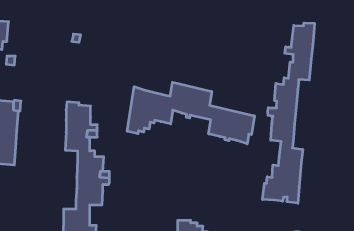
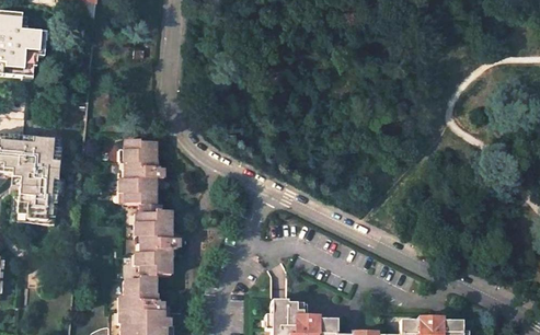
building: [263,23,314,203] -> none
building: [127,82,254,144] -> none

